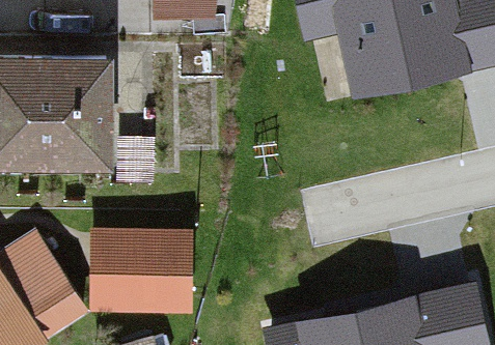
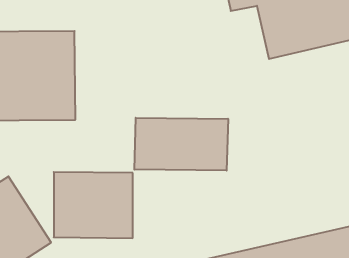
building: none -> [134,118,228,171]

